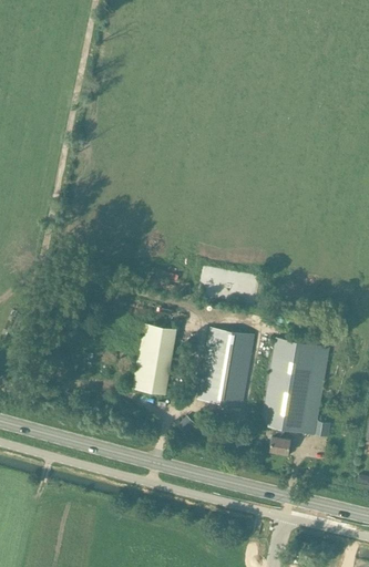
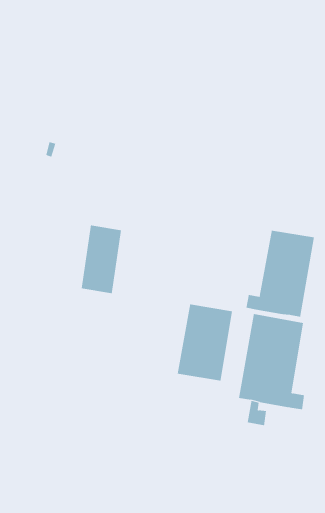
building: none -> [246,230,314,317]
building: [132,323,175,395] -> [81,225,122,294]

